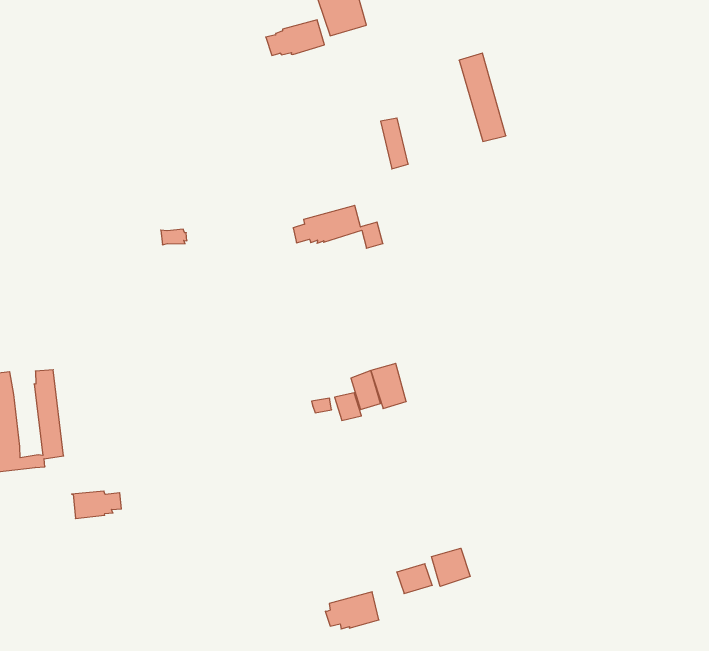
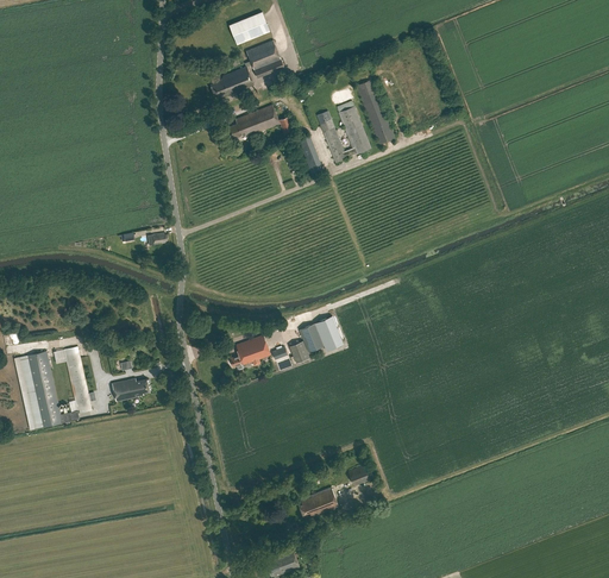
building: none -> [316,100,370,162]
building: [293,205,383,248] -> [227,105,295,137]
building: none -> [230,334,269,369]
building: [72,491,121,519] -> [111,378,149,401]
building: [431,548,470,586] -> none

